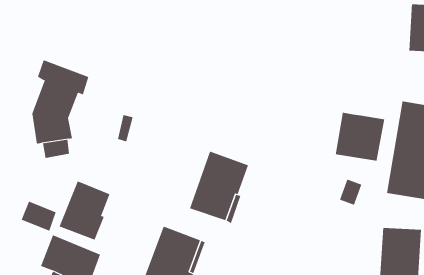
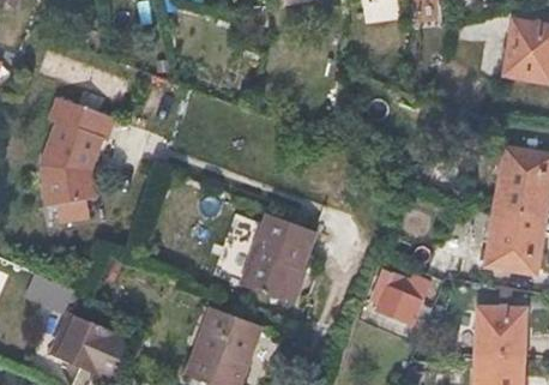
building: [335,112,385,161] -> none
building: [59,180,110,241] -> none
building: none -> [372,271,429,330]

